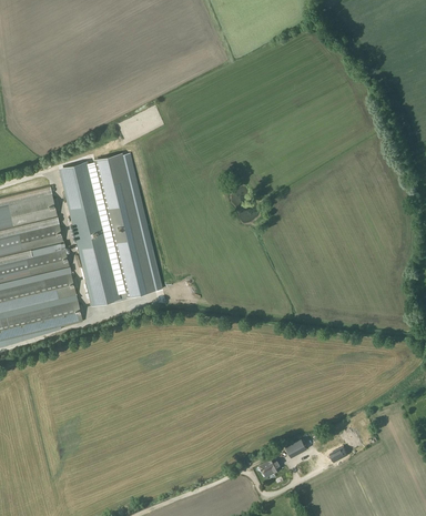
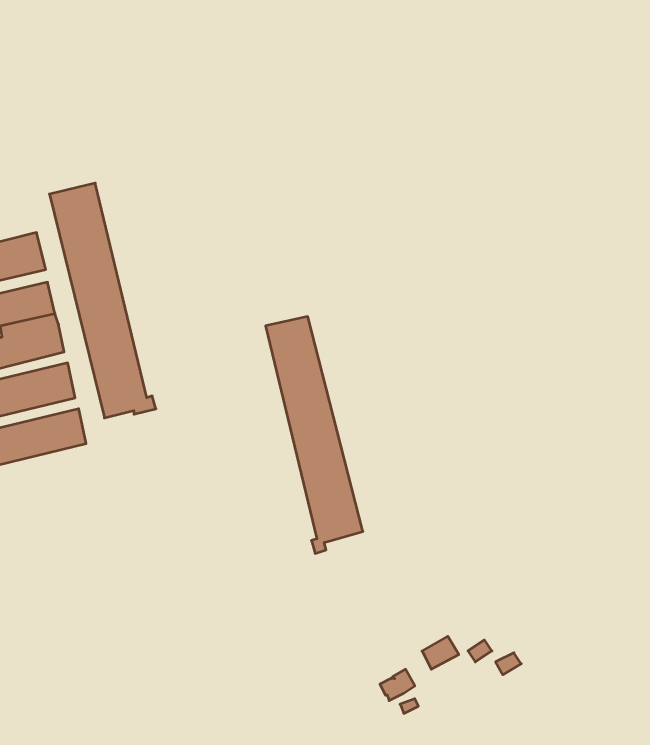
building: [95,155,154,299] -> [266,317,363,553]

